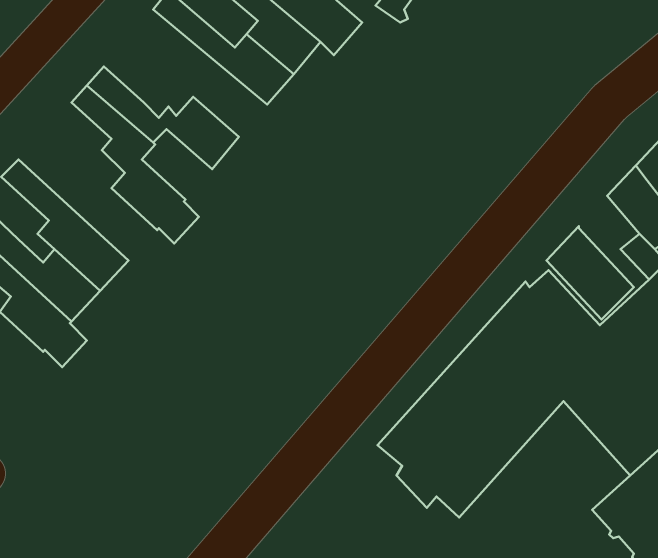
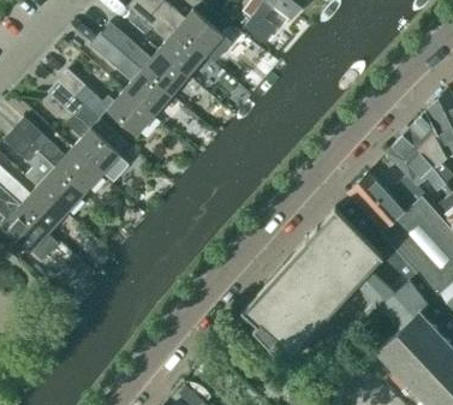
building: none -> [90,35,172,115]
building: none -> [14,118,102,193]

